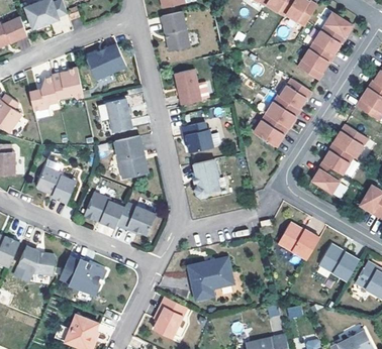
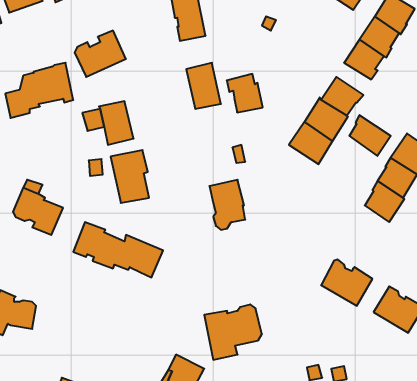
building: none -> [349,115,391,156]
building: [180,122,208,152] -> [227,74,263,112]
building: [59,256,102,295] -> none

